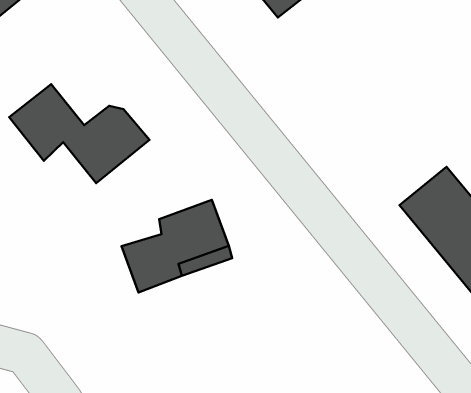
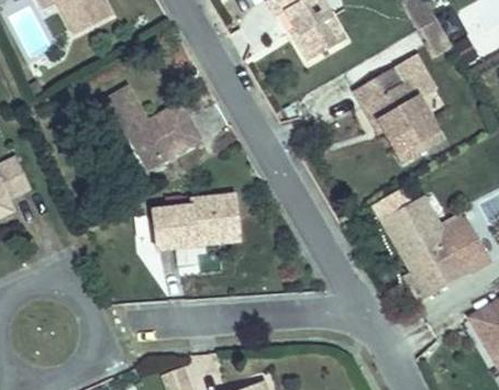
building: none -> [358,65,448,161]

